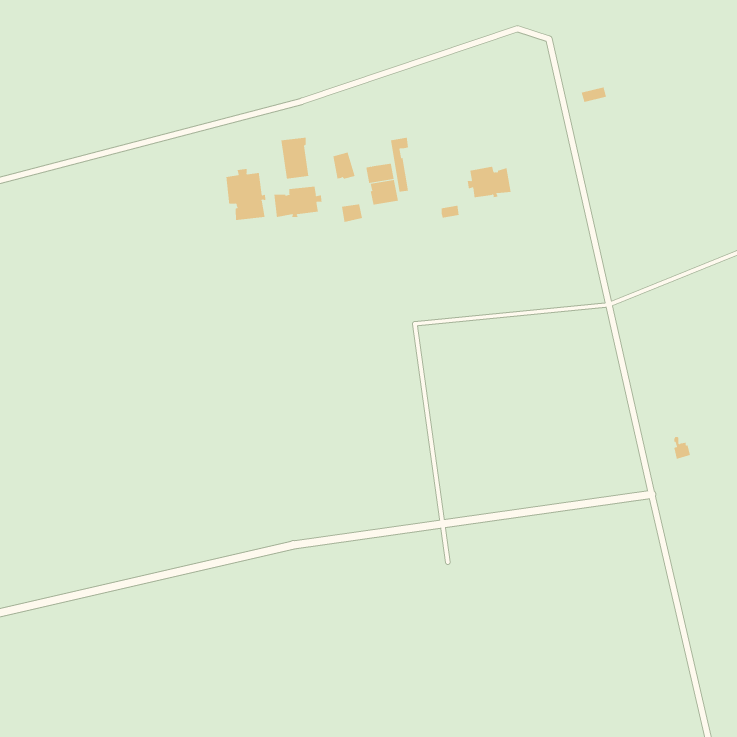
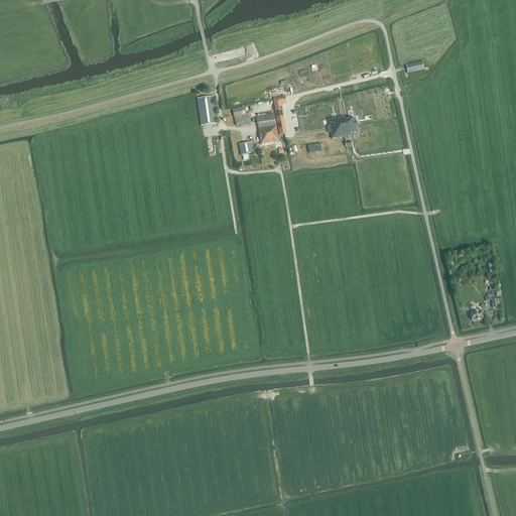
building: [226,168,266,221] -> none
building: [274,186,322,218] -> none

